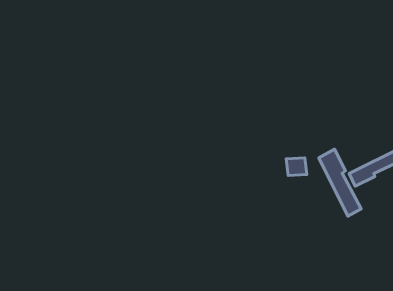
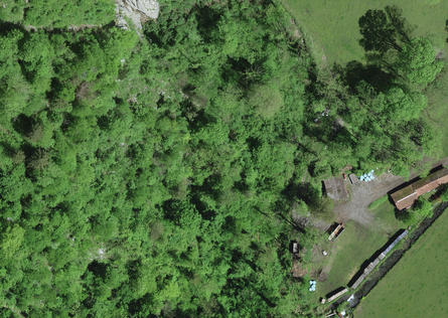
building: [319,149,361,216] -> none

